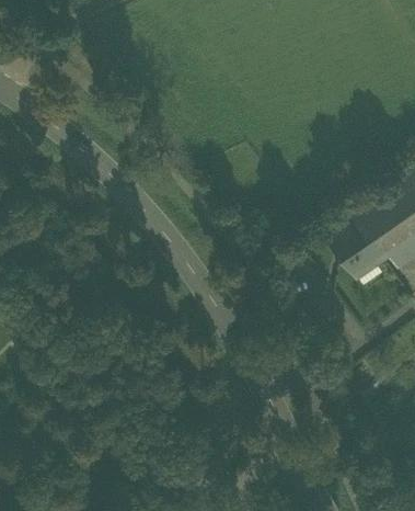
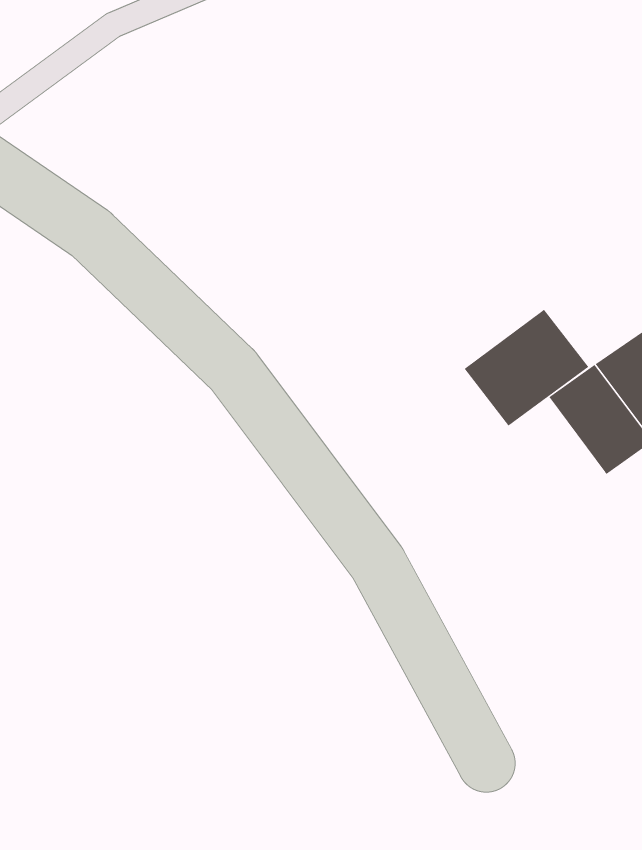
building: none -> [464,309,589,426]

